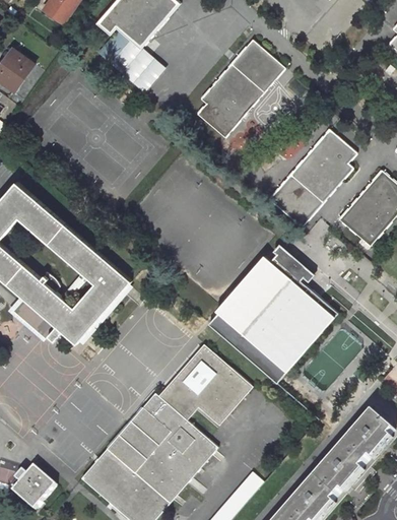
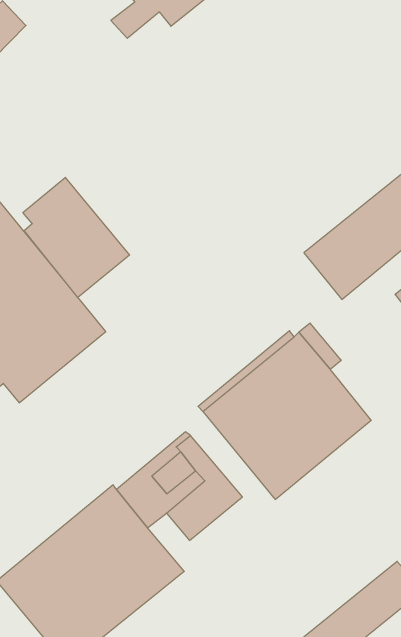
building: [197,38,286,137] -> none
building: [111,39,162,92] -> none
building: none -> [23,177,130,297]

